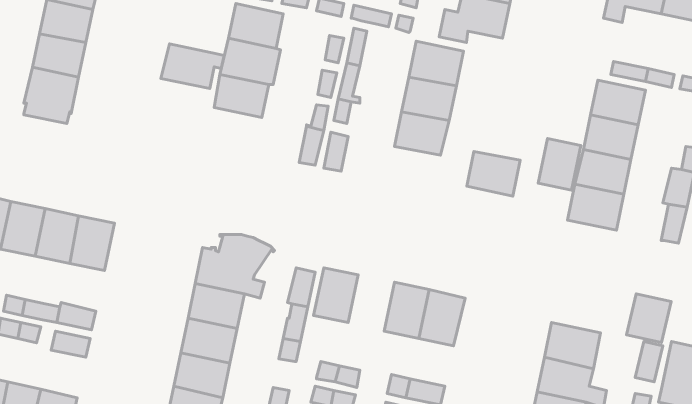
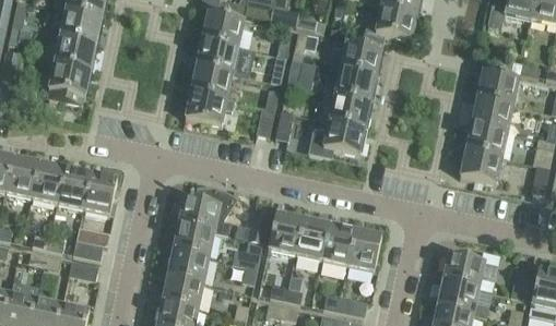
building: [161,44,224,89] -> [186,90,234,124]
building: [538,138,581,190] -> none
building: [467,151,520,196] -> [323,120,364,154]
building: none -> [294,217,329,259]
building: [626,294,671,342] -> none

